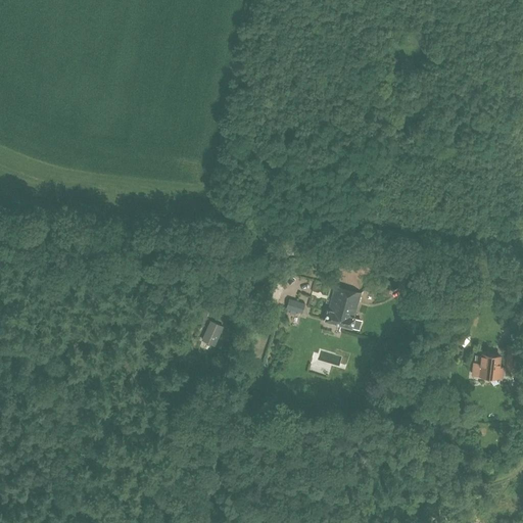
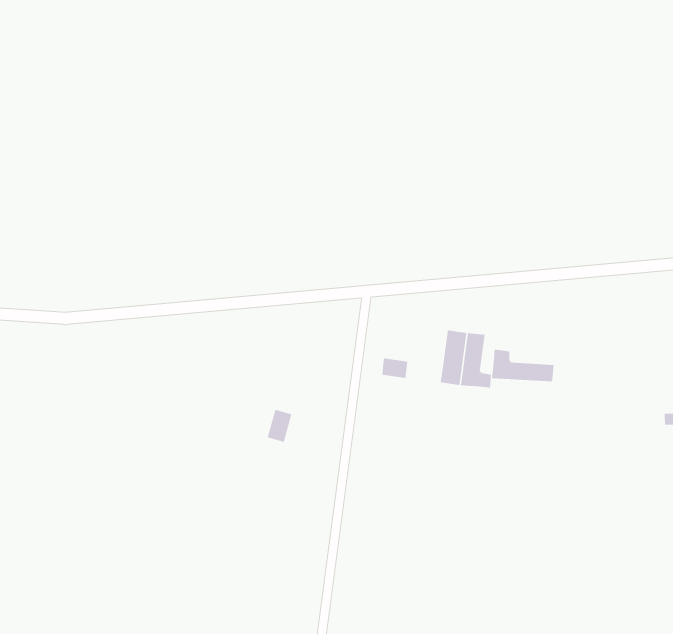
building: none -> [491,349,554,382]

